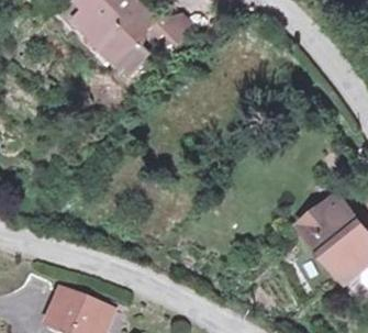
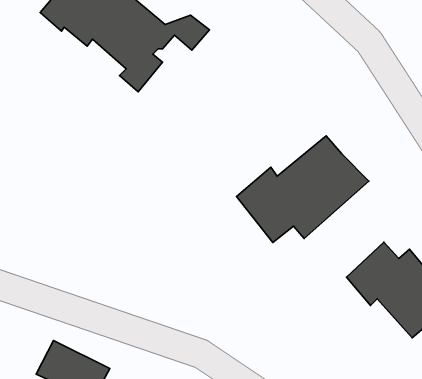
building: none -> [237,136,369,243]

